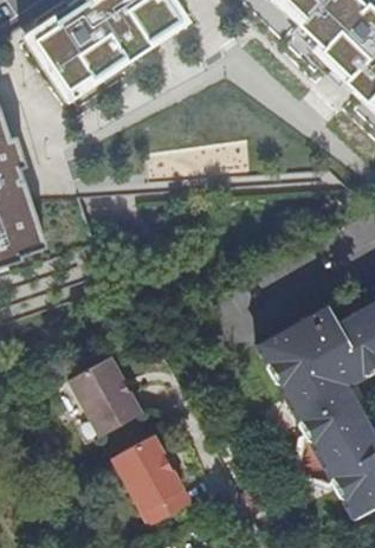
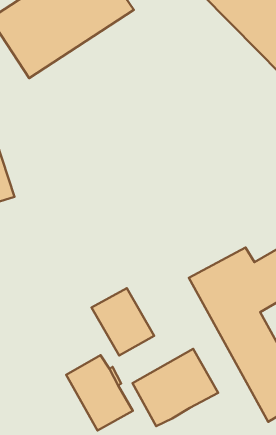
building: [65,357,141,439] -> [92,288,154,356]
building: none -> [132,349,218,426]

